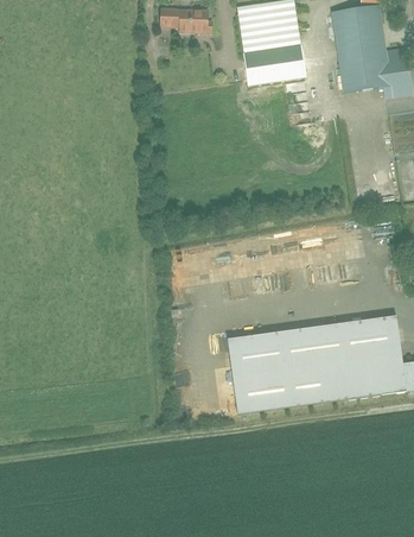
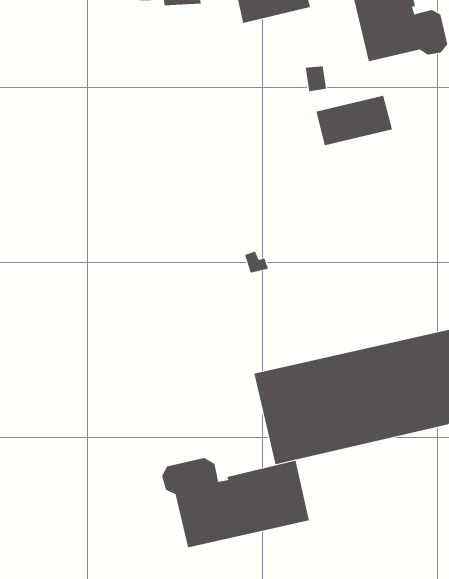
building: [243,43,305,80] -> [315,95,393,146]
building: none -> [161,457,310,548]

